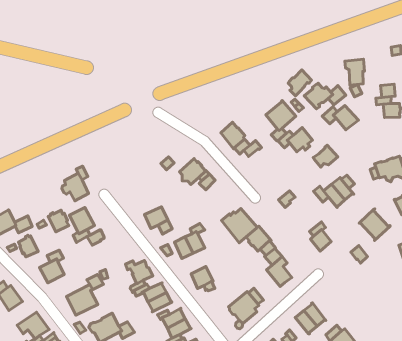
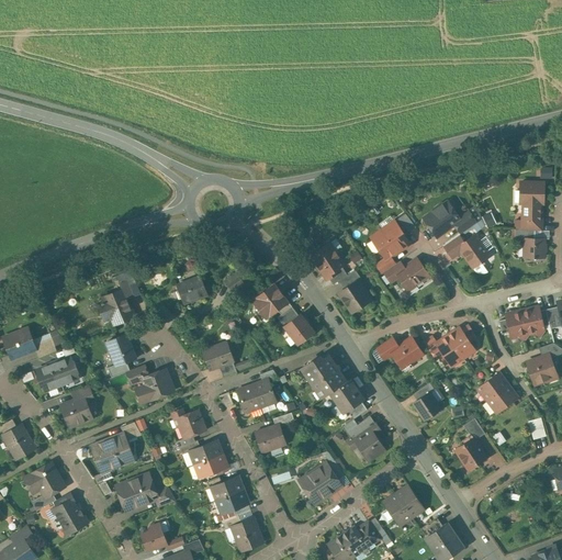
building: [345,59,365,85] -> [519,182,543,214]
building: [288,70,312,96] -> none
building: [313,145,338,167] -> [391,337,423,365]
building: none -> [338,280,367,312]
building: none -> [177,276,206,303]
building: none -> [284,314,313,344]
building: [48,210,69,232] -> [53,357,78,384]
building: none -> [142,369,172,400]
building: none -> [454,435,485,469]

